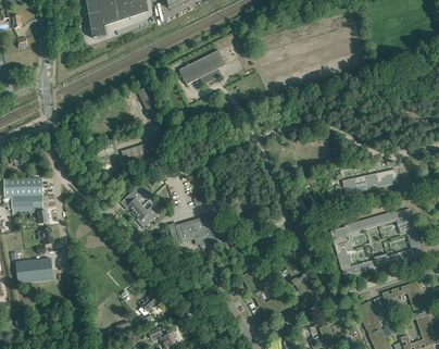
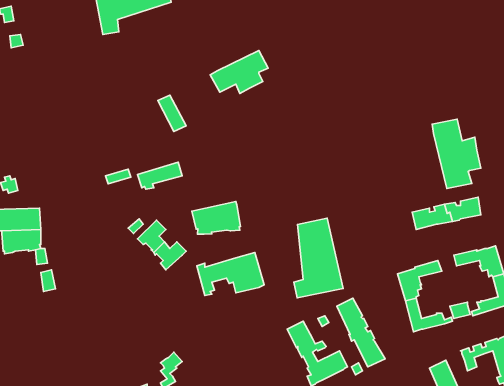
building: none -> [432,119,481,188]
building: none -> [192,202,241,234]
building: none -> [294,218,343,298]
building: [16,258,53,283] -> none

